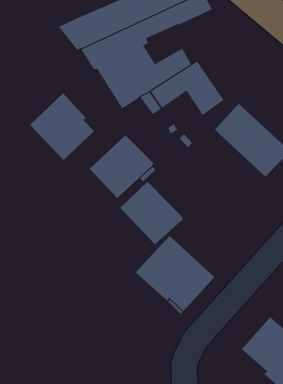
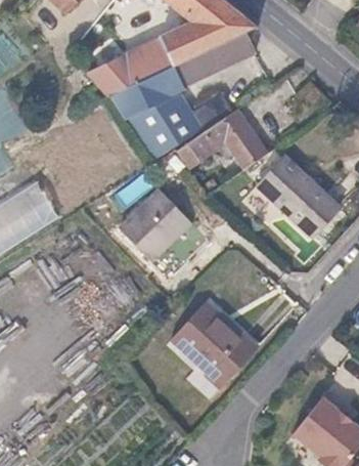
building: [29,92,95,161] -> none
building: [119,181,184,245] -> none

